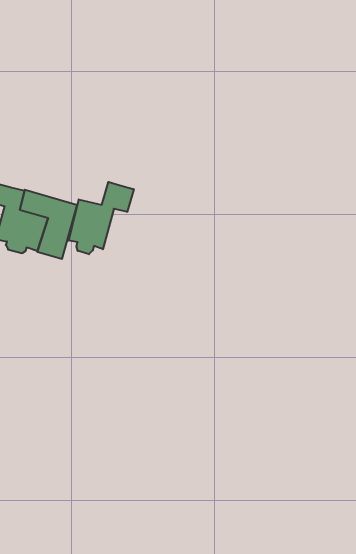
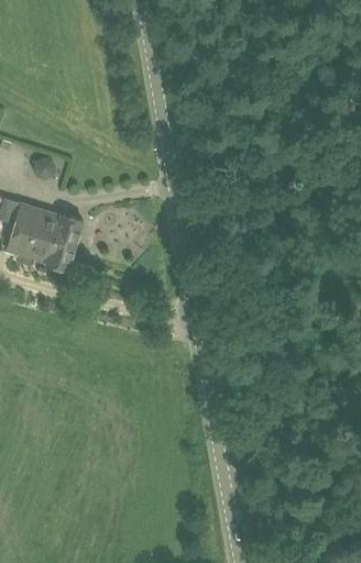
building: [69,182,134,254] -> none

